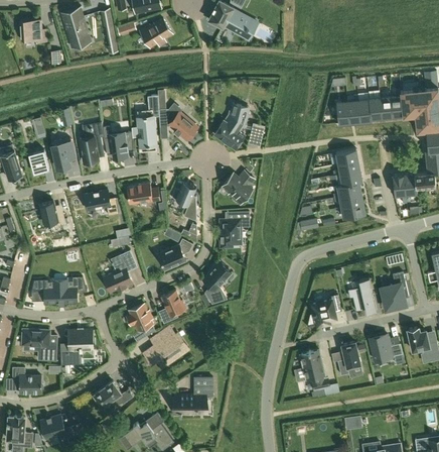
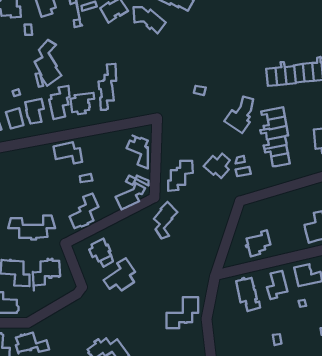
building: none -> [35,40,61,86]
building: [214,105,249,148] -> [224,96,253,133]
building: [159,109,197,140] -> [134,7,166,33]
building: [223,171,254,200] -> [203,153,230,178]
building: [127,183,160,204] -> none
building: [40,201,66,228] -> none
building: [348,278,377,313] -> none
building: [159,290,186,323] -> none
building: [175,377,212,414] -> [167,297,198,328]
building: [93,381,134,407] -> none

